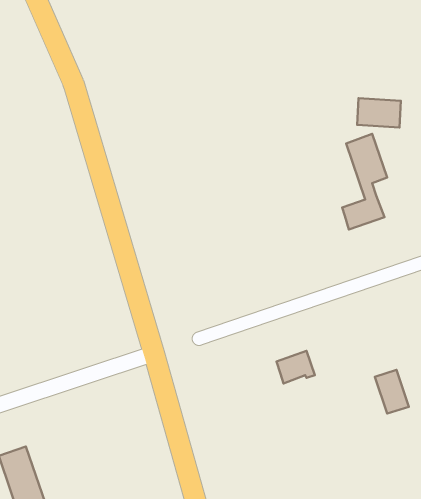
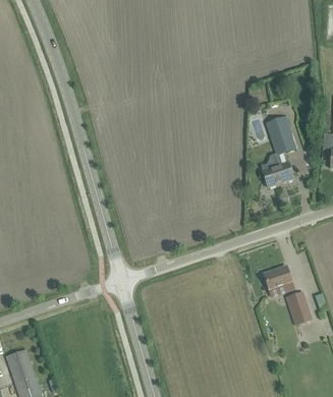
building: [357,98,401,127] -> none
building: [277,351,315,383] -> [263,265,291,289]

